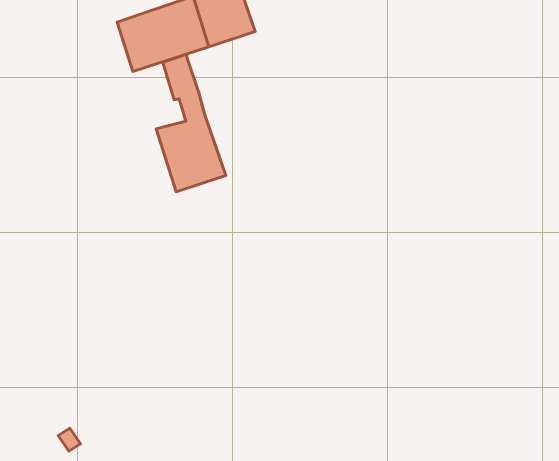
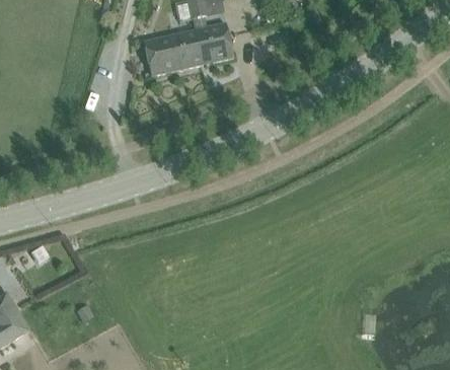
building: [156,54,226,192] -> none

